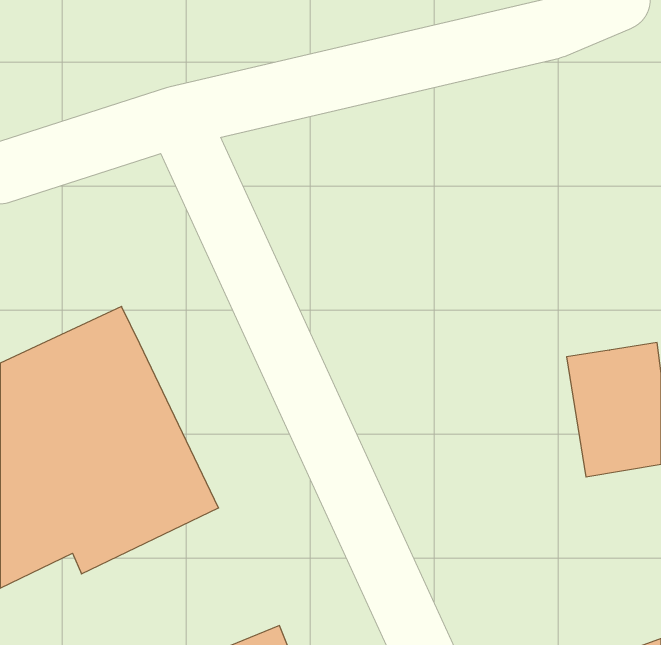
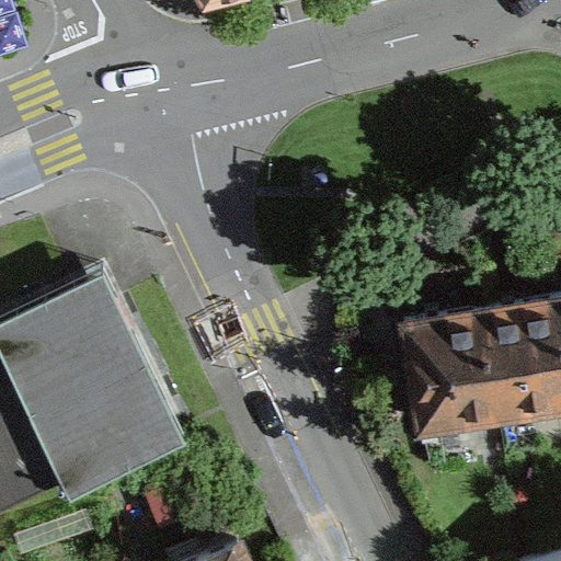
building: none -> [404,316,496,430]

